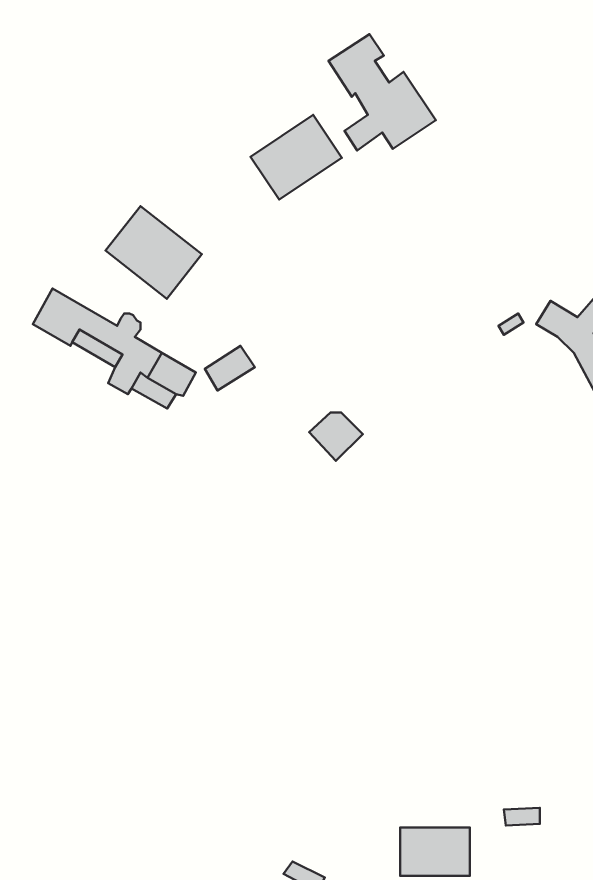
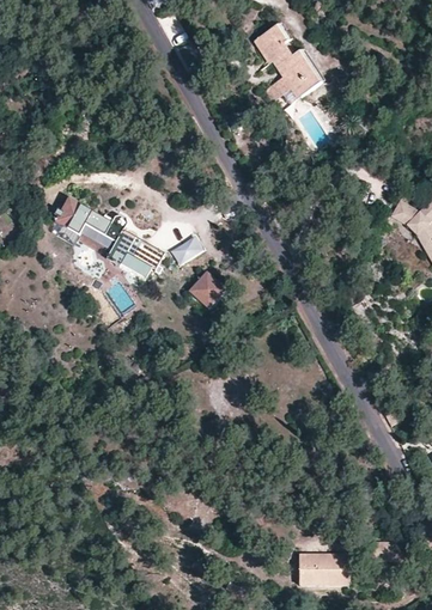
building: [250,115,342,200] -> none
building: [106,206,202,299] -> none
building: [309,413,363,461] -> [185,275,221,307]

